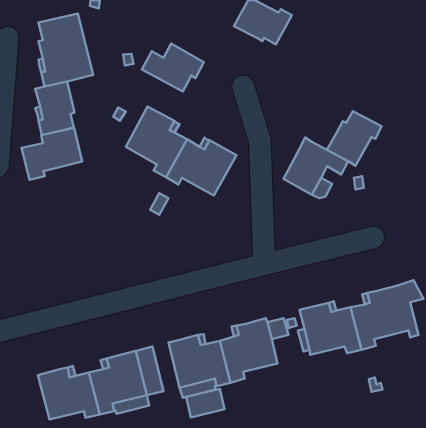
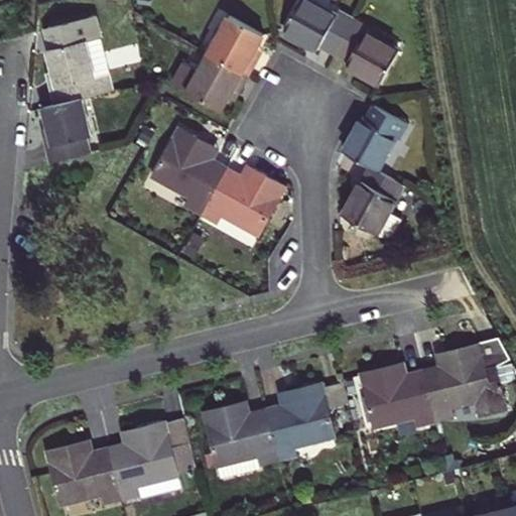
building: none -> [206,16,261,76]
building: none -> [332,19,397,86]
building: [327,111,382,166] -> [341,106,406,171]
building: [21,128,82,180] -> none
building: [186,389,225,417] -> none

